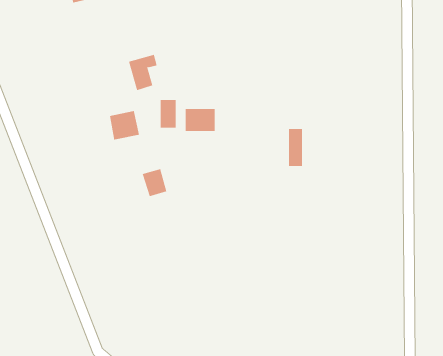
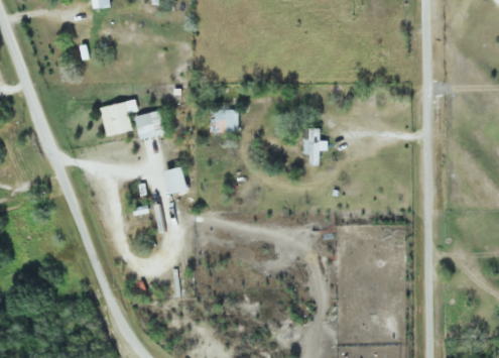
building: [128,54,158,91] -> [108,99,136,134]
building: [160,99,176,128] -> none

